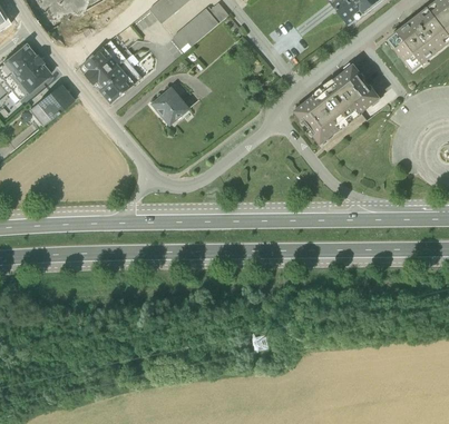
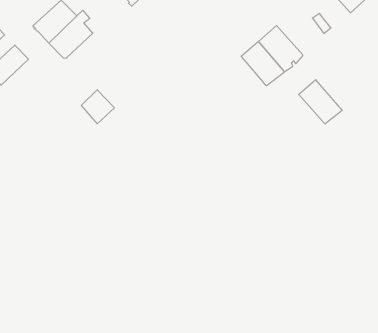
building: [334,66,379,112] -> [299,80,342,124]
building: [154,88,188,124] -> [81,90,114,124]

